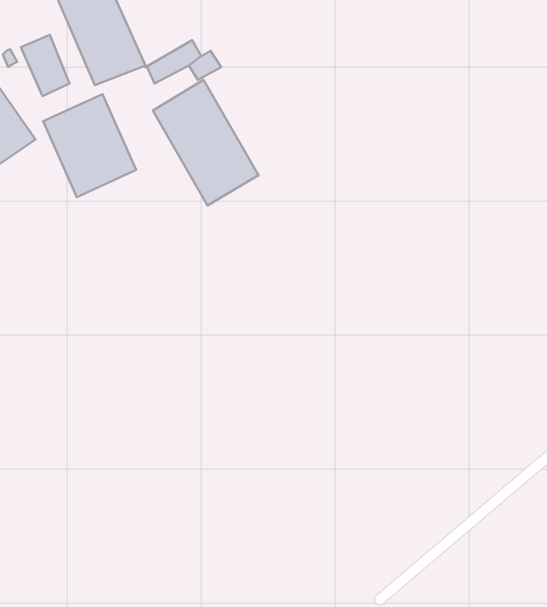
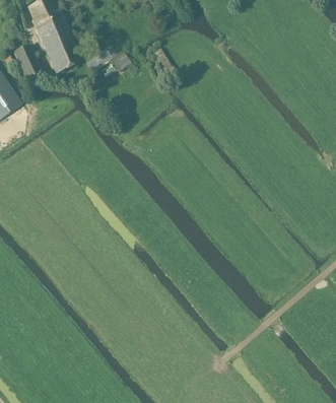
building: [153,80,258,206] -> none
building: [43,94,136,197] -> none

